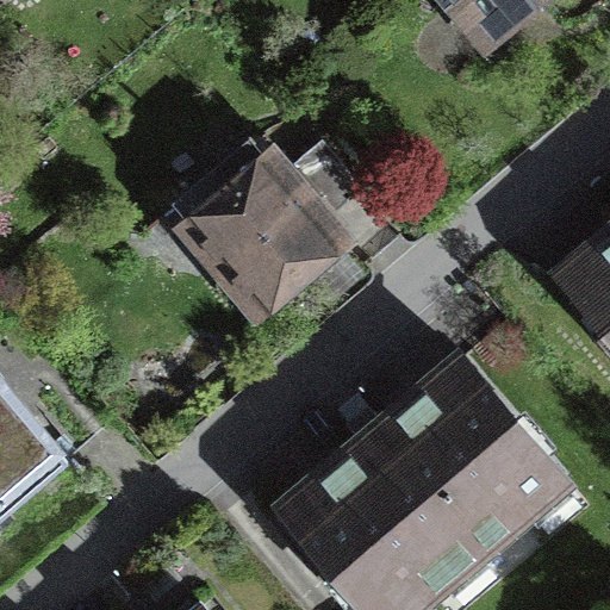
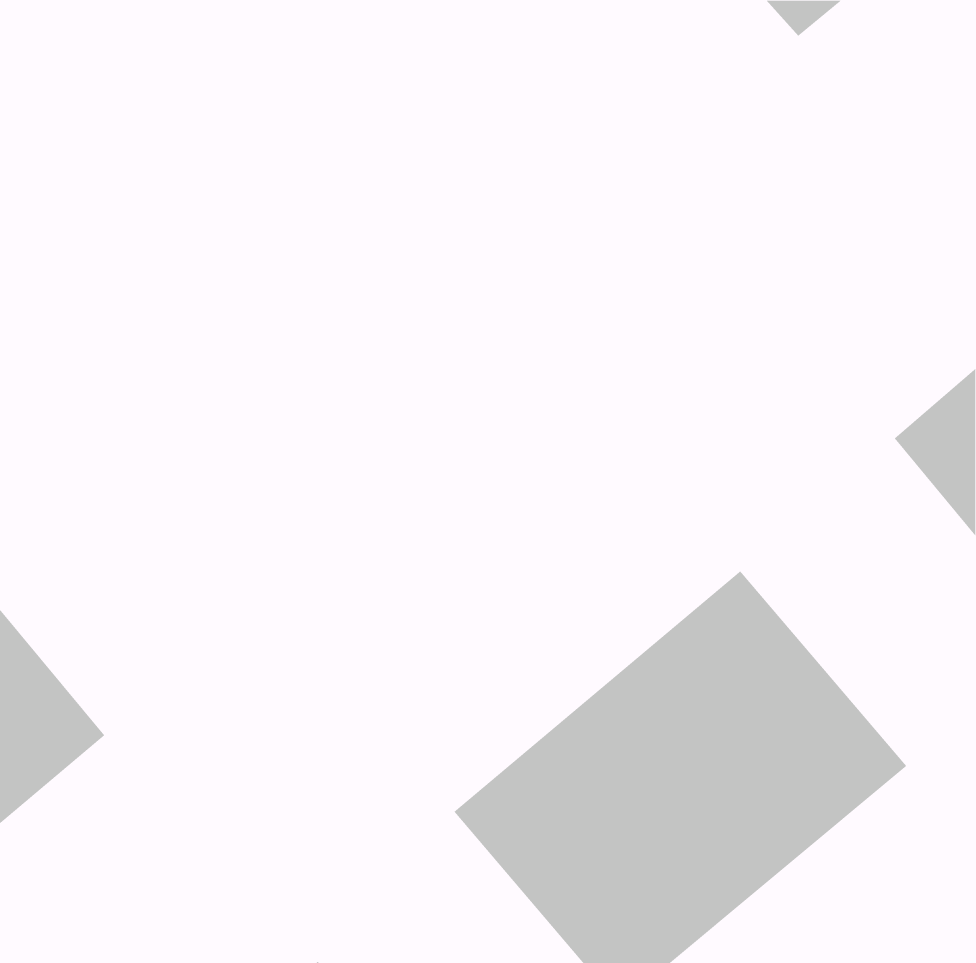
building: [173,148,361,311] -> none

